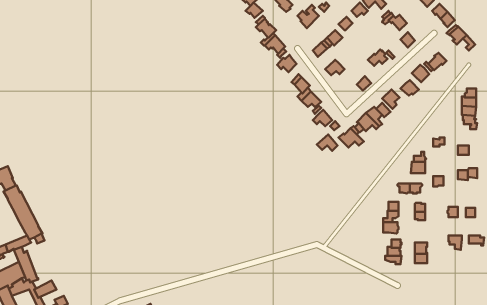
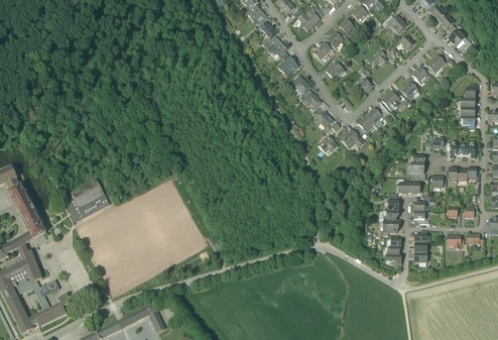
building: none -> [66,180,109,221]

